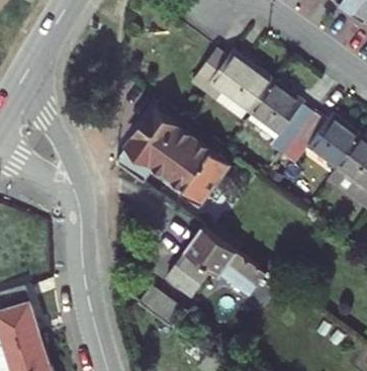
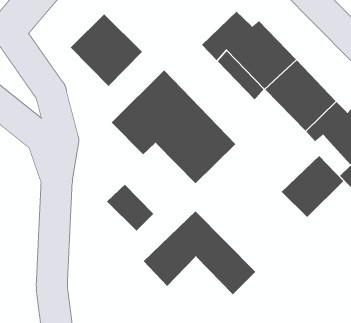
building: none -> [70,13,143,87]
building: none -> [281,155,344,218]
building: [142,287,186,328] -> [106,184,154,231]

